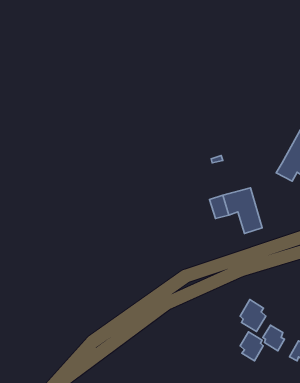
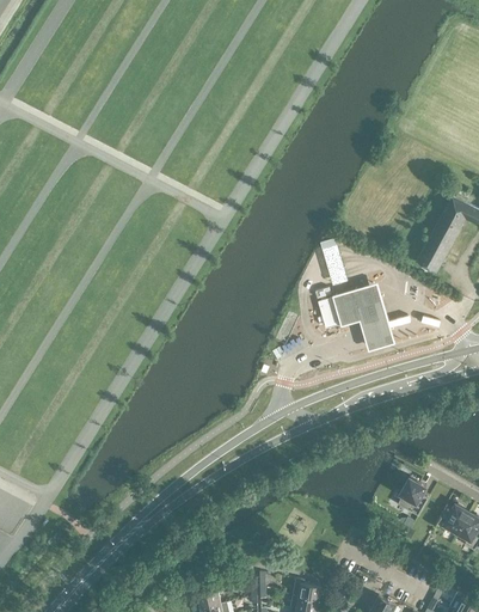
building: [240,299,266,331] -> none
building: [240,332,263,361] -> none

